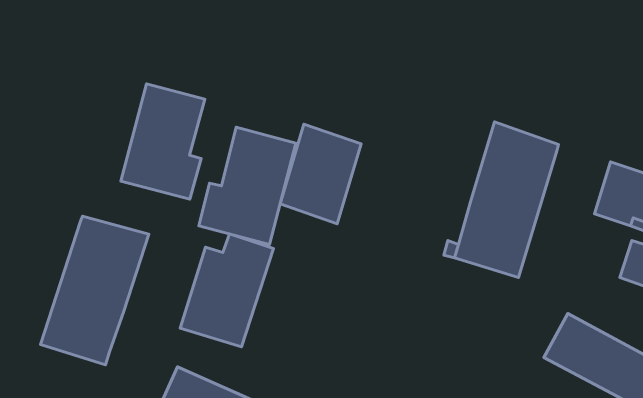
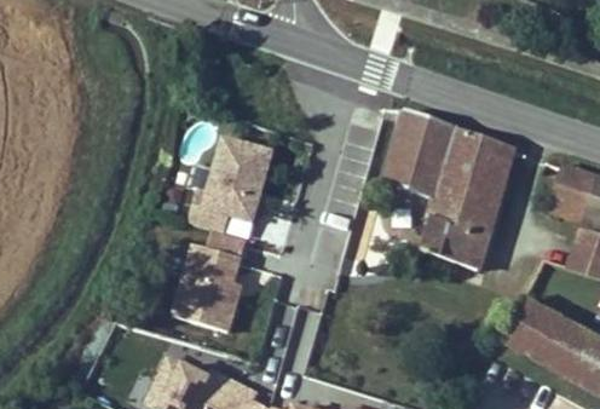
building: [121,84,205,199] -> none
building: [280,124,361,224] -> [382,108,456,198]
building: [41,216,149,365] -> none

